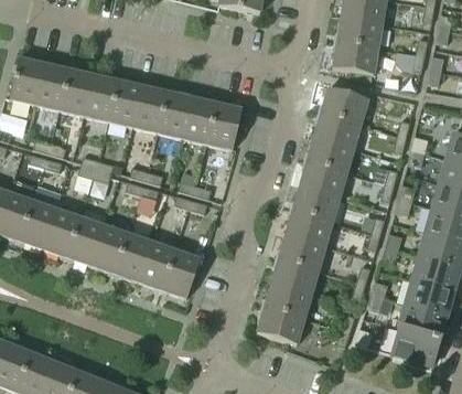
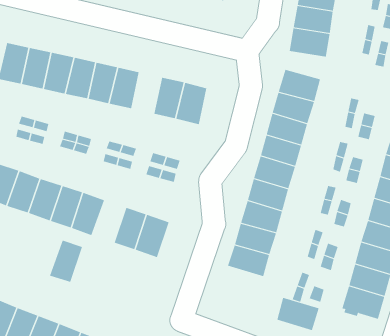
building: [158,90,191,137] -> none
building: [114,233,151,280] -> [49,240,83,283]
building: [257,306,304,343] -> [277,297,319,331]

